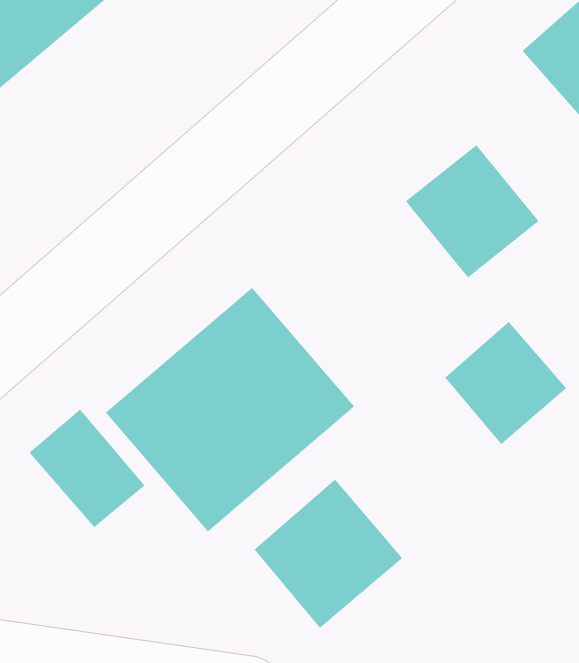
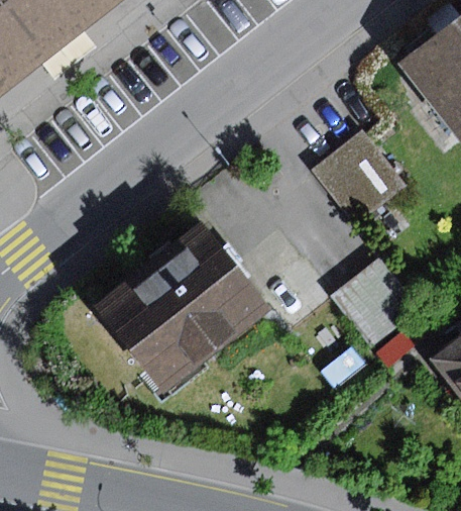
building: [29,408,146,528] -> none
building: [253,478,403,629] -> none

